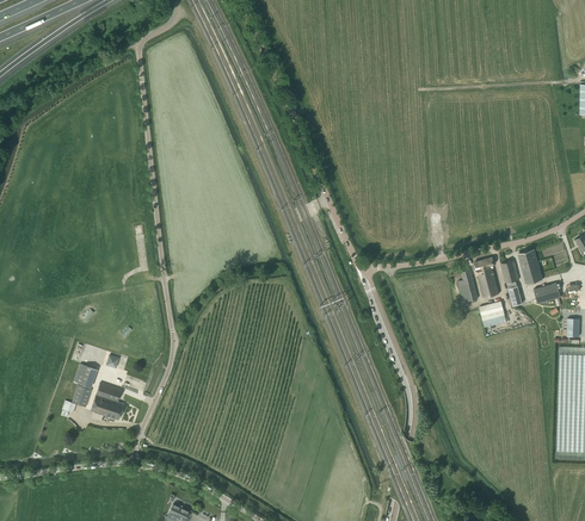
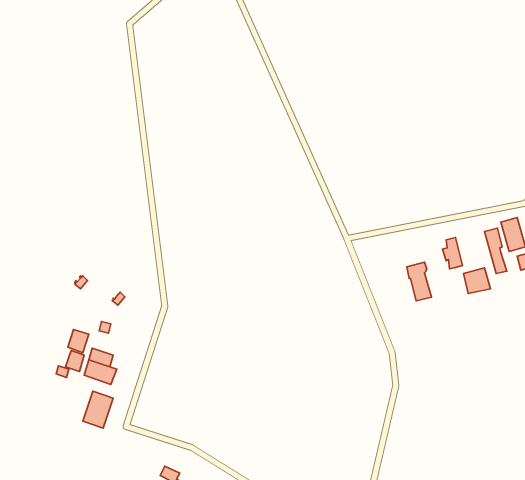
building: [474,259,499,298] -> [407,262,432,301]
building: none -> [83,391,113,428]

